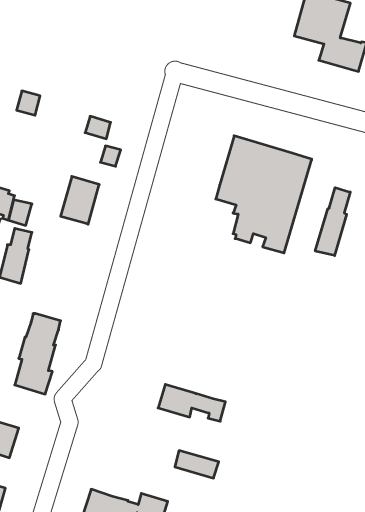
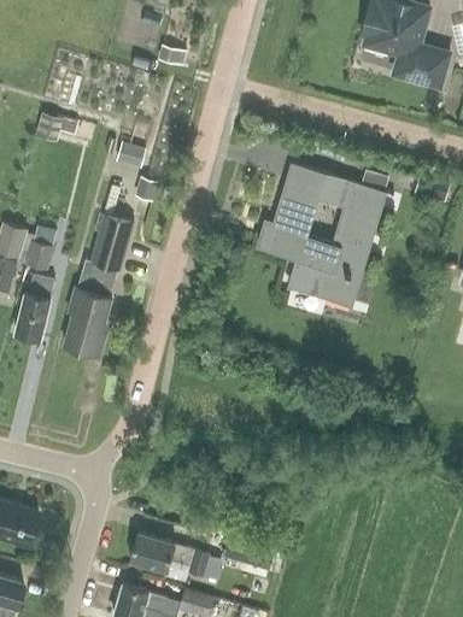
building: [315,188,350,256] -> none
building: [15,314,61,394] -> [64,260,118,355]
building: [158,384,225,421] -> [130,533,210,576]

